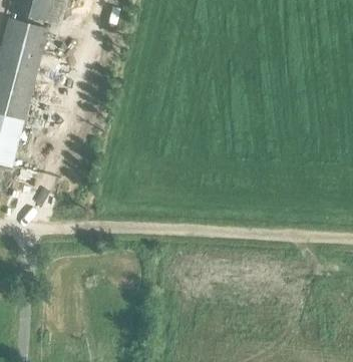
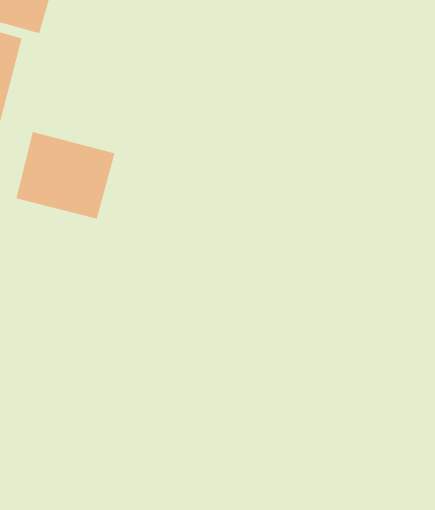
building: none -> [16,131,115,220]

